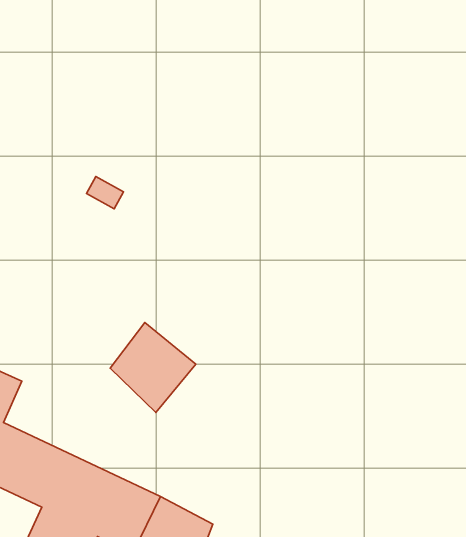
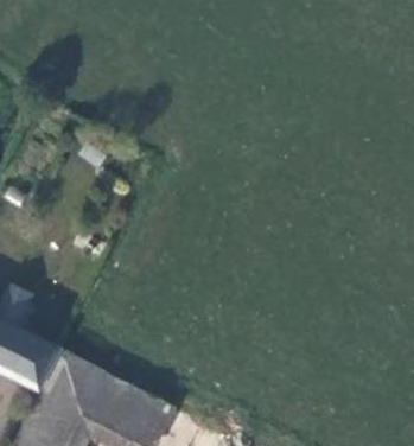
building: [110,322,196,412] -> none

